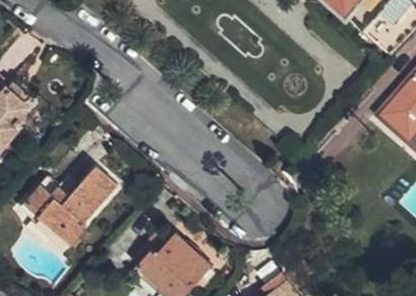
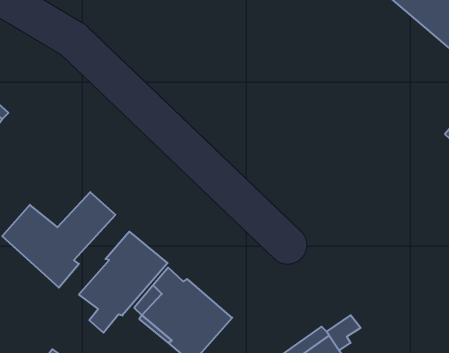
building: none -> [79,232,168,333]

